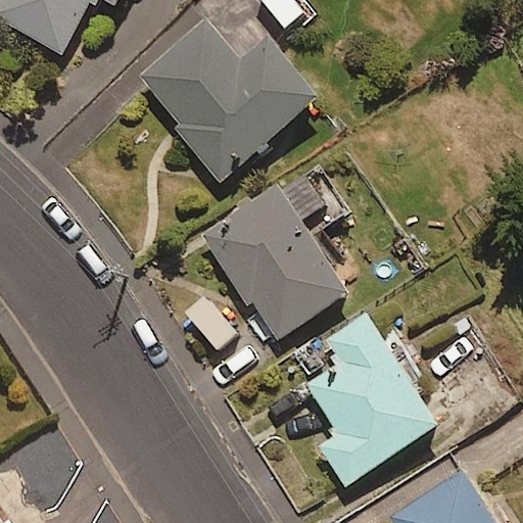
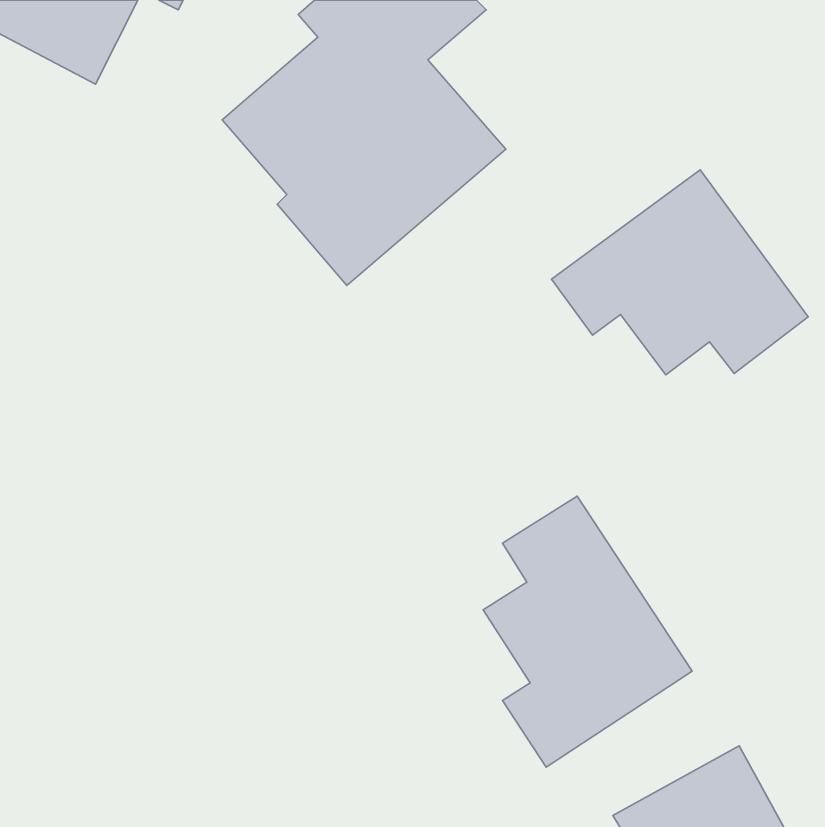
building: none -> [551,170,808,375]
building: [201,158,349,341] -> none

